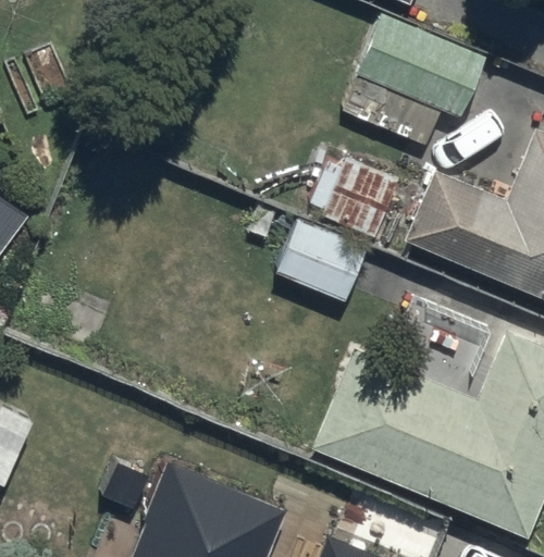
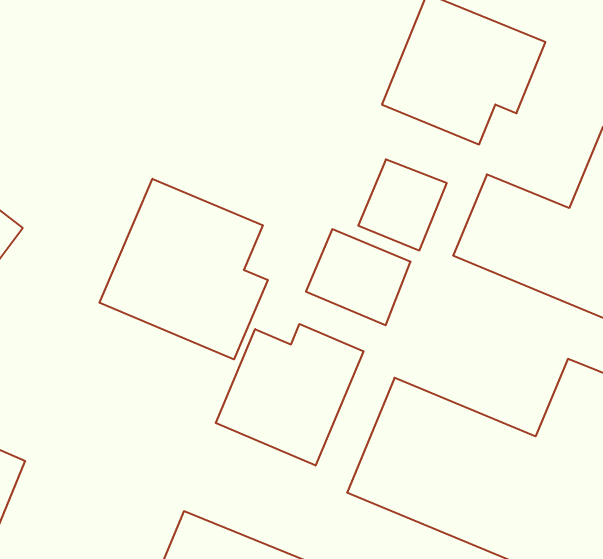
building: none -> [100,179,268,359]
building: none -> [216,324,363,466]

